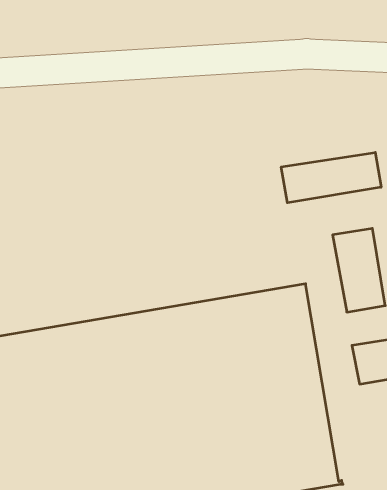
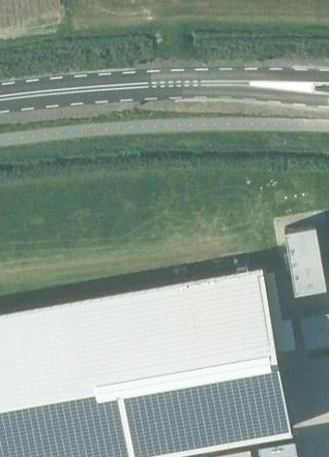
building: [281,152,381,203] -> none

